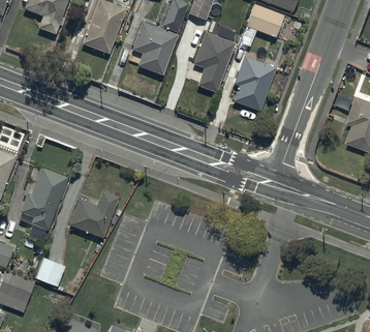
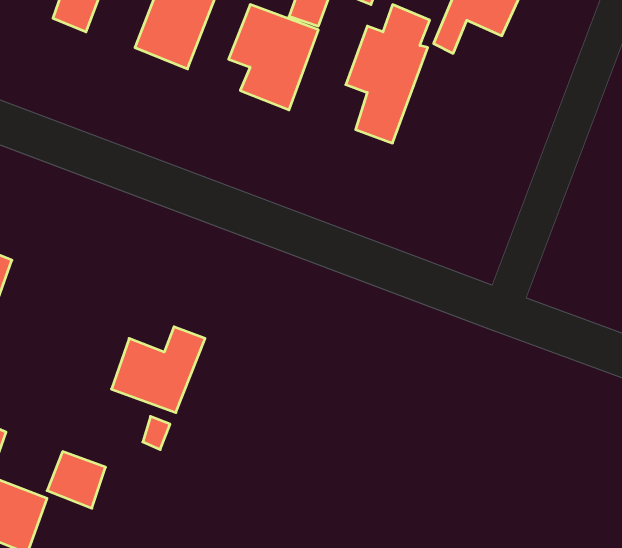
building: [232,56,276,111] -> none
building: [19,168,67,241] -> none

